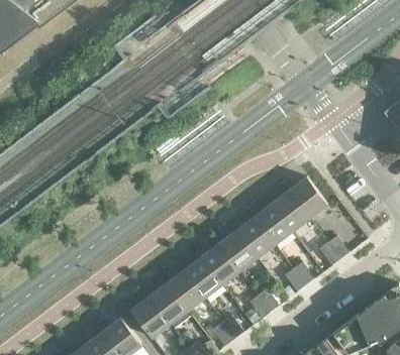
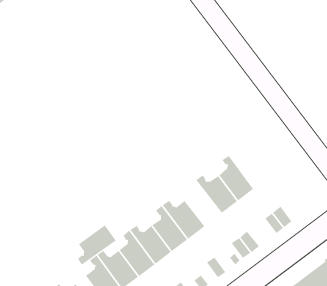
building: [283,178,328,219] -> none
building: [236,210,275,258] -> none
building: none -> [77,225,116,266]

